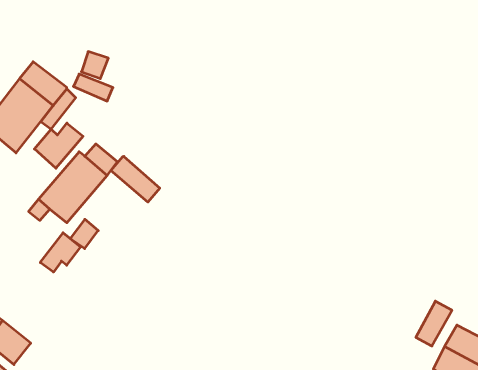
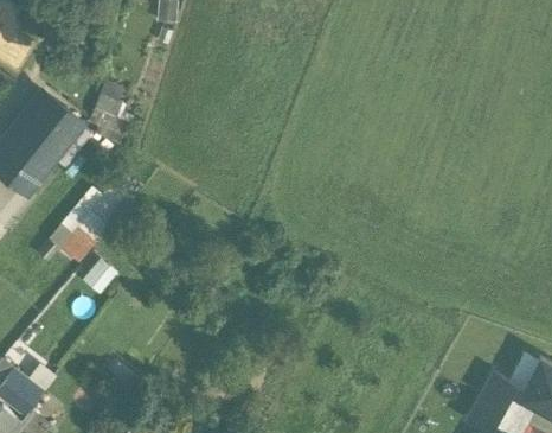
building: [34,123,83,168] -> none
building: [111,156,160,202] -> none
building: [40,233,81,272] -> none
building: [416,301,452,346] -> none

